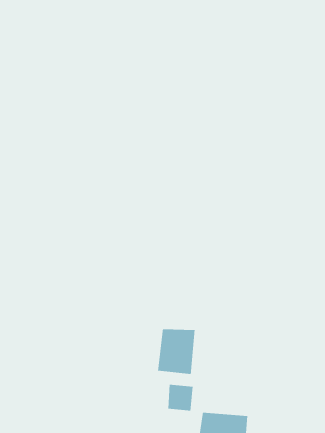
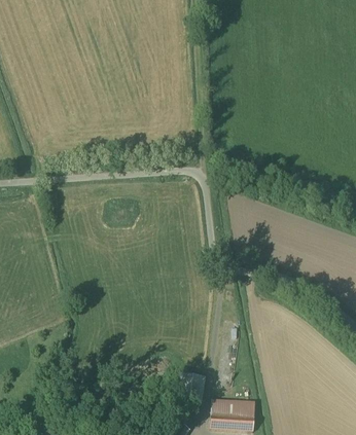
building: [158,328,195,375] -> none

